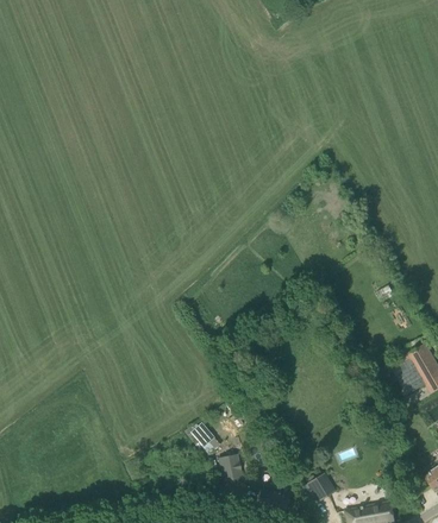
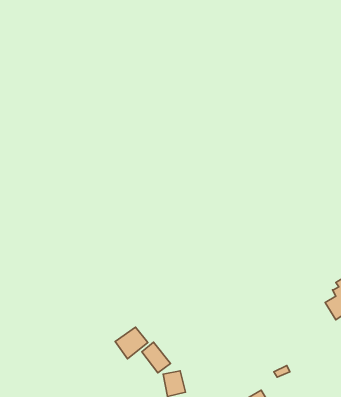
building: none -> [115,327,148,359]

